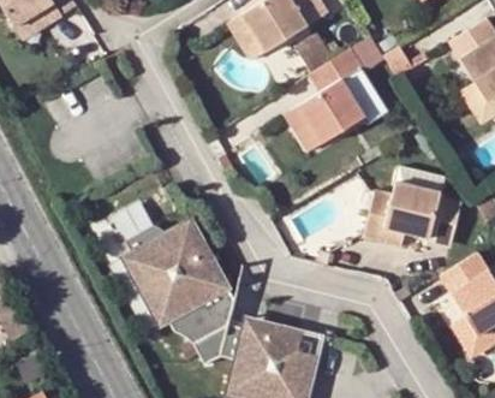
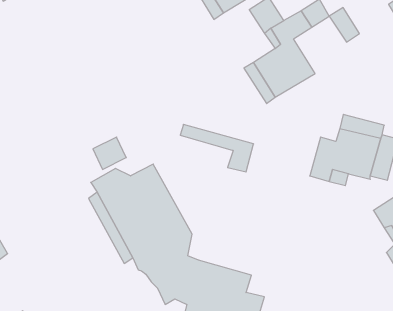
building: [239,316,321,369] -> [180,124,254,172]

